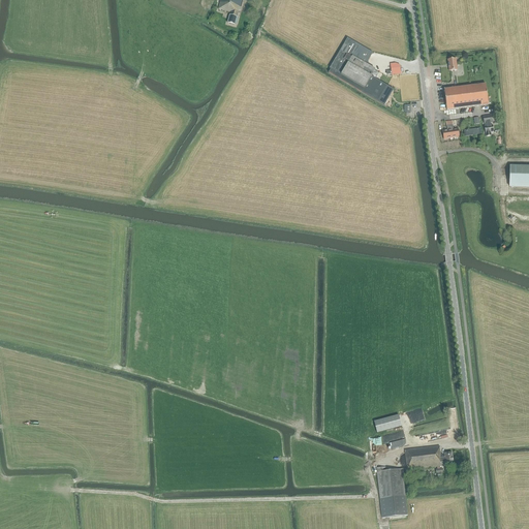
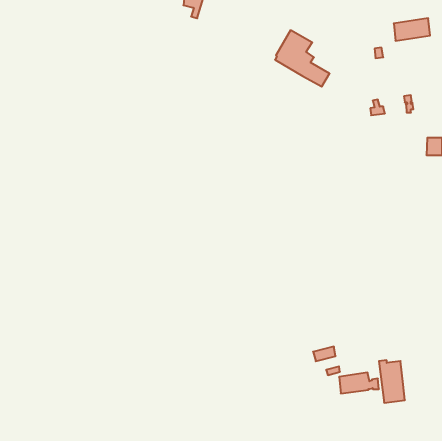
building: [444,82,488,108] -> [394,18,430,41]
building: [376,466,407,517] -> [379,360,405,403]

